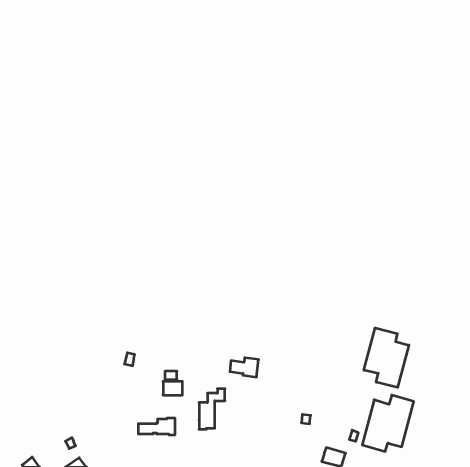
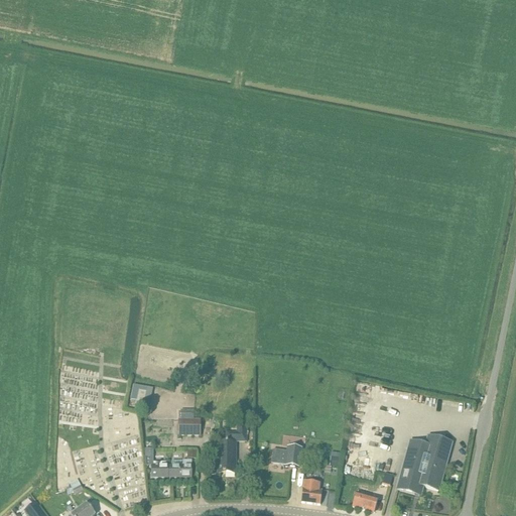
building: [364,328,409,387] -> none
building: [230,358,259,377] -> [272,443,303,465]
building: none -> [302,479,322,502]

